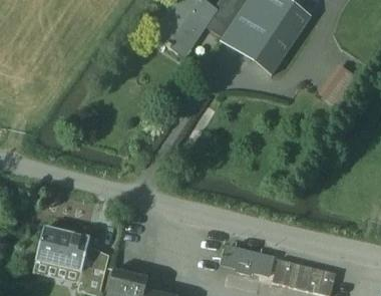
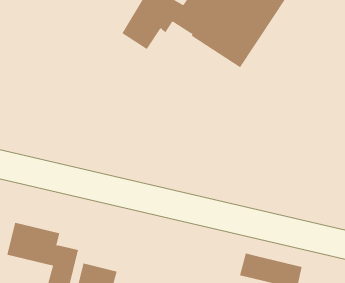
building: [223,245,273,275] -> none

